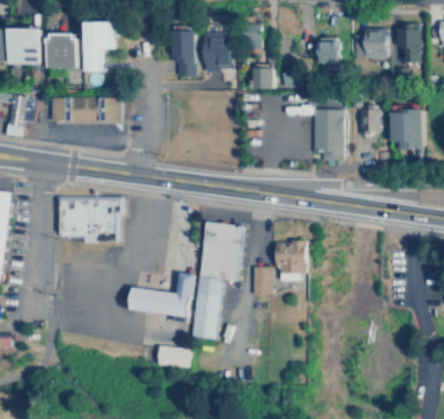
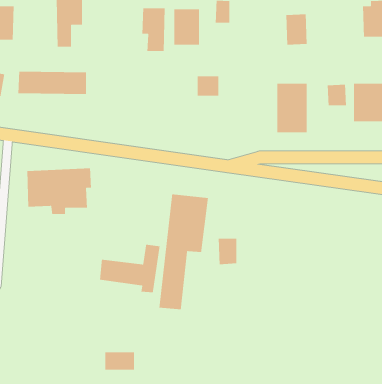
building: [355,29,390,58] -> none
building: [50,35,80,70] -> none
building: [253,69,275,90] -> [197,75,219,97]
building: [274,240,306,280] -> none
building: [157,348,187,368] -> [105,352,135,371]

